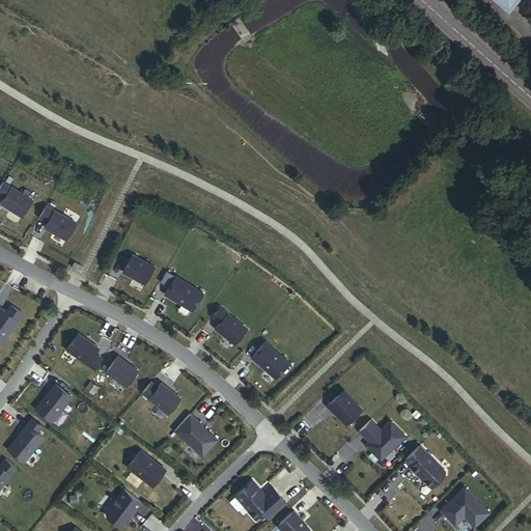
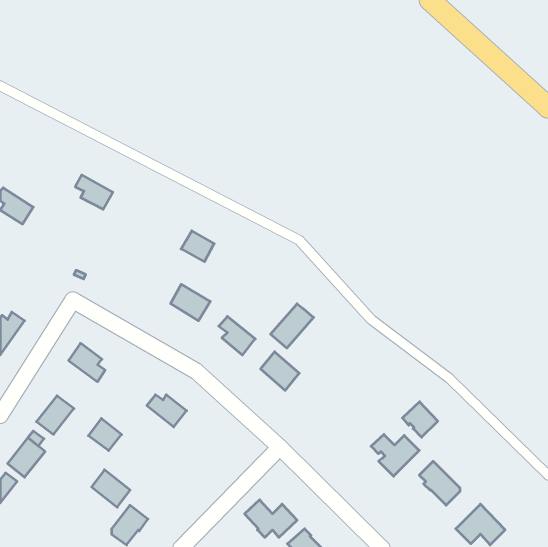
building: [38,206,75,240] -> [75,175,113,209]
building: [122,254,155,284] -> [181,231,214,262]
building: none -> [271,304,314,348]
building: [106,356,138,387] -> [88,418,122,451]
building: [328,392,362,426] -> [402,402,438,437]
building: [174,414,217,456] -> none
building: [129,451,166,487] -> [92,470,130,507]

